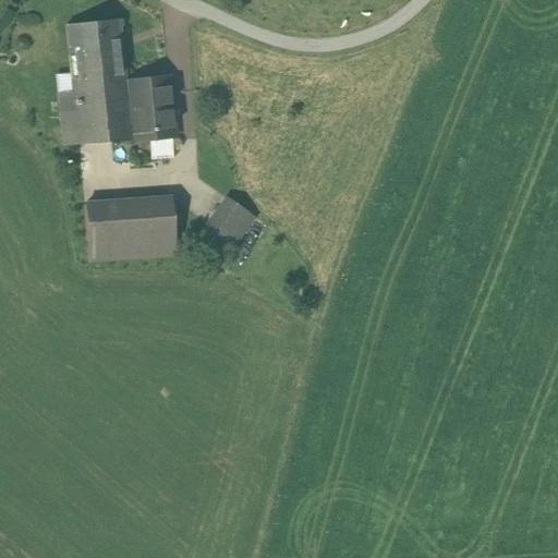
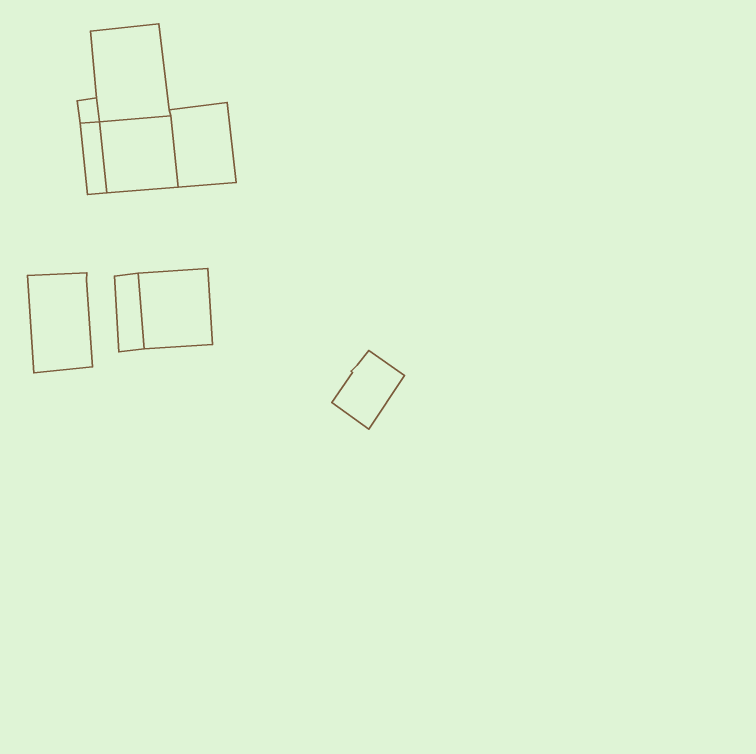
building: [202,195,255,253] -> [332,350,405,429]
building: [155,196,177,253] -> none
building: none -> [27,273,93,373]

